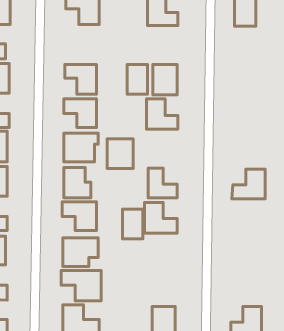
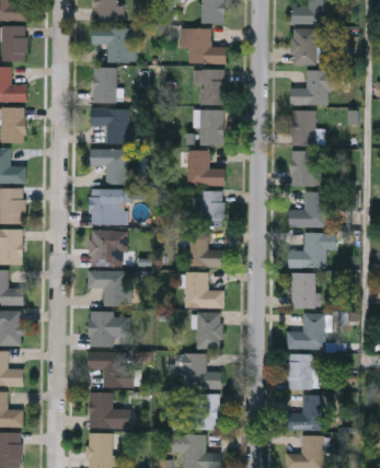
building: none -> [92,68,116,104]
building: none -> [290,71,336,105]
building: [127,64,148,94] -> [200,70,224,105]
building: none -> [290,112,314,145]
building: none -> [290,151,322,186]
building: none -> [288,192,327,227]
building: [107,139,133,168] -> [193,191,223,226]
building: none -> [291,273,314,308]
building: [122,209,143,239] -> [197,314,221,349]
building: none -> [287,314,327,350]
building: none -> [182,354,221,389]
building: none -> [287,354,312,389]

